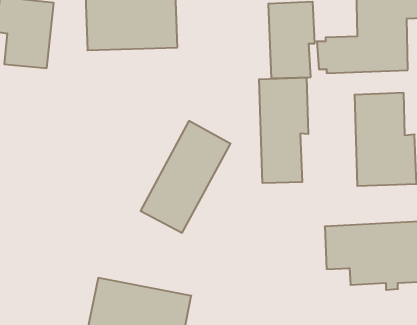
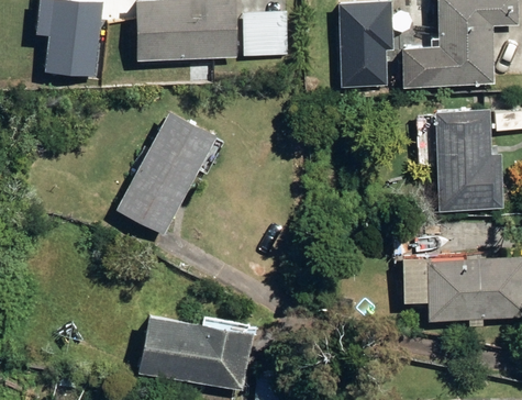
building: none -> [240,11,287,57]
building: [259,78,308,183] -> none
building: [141,121,231,233] -> [116,110,216,234]

